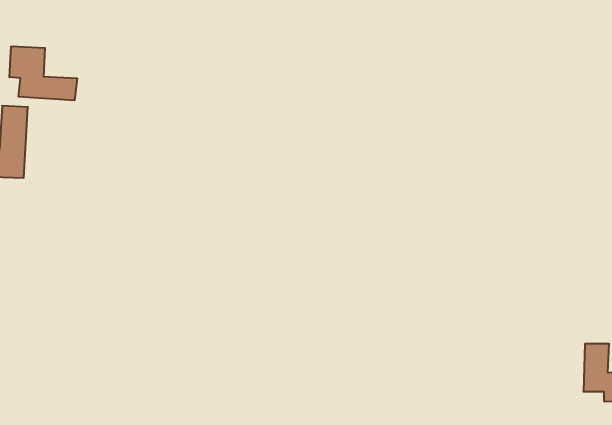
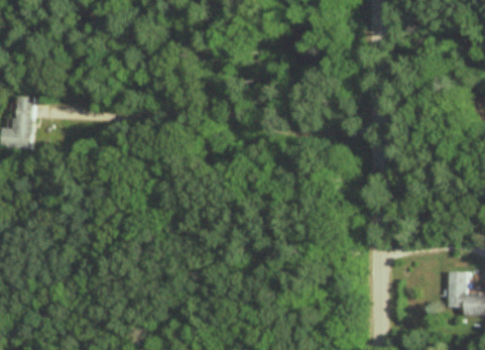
building: [9,46,77,100] -> none

